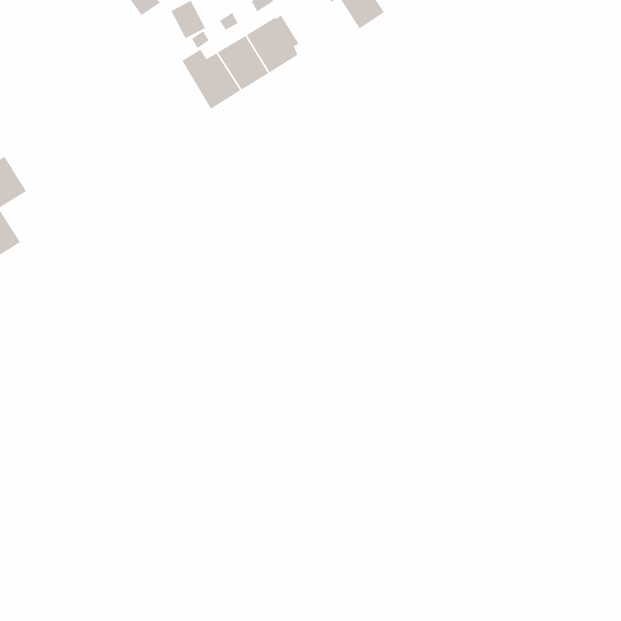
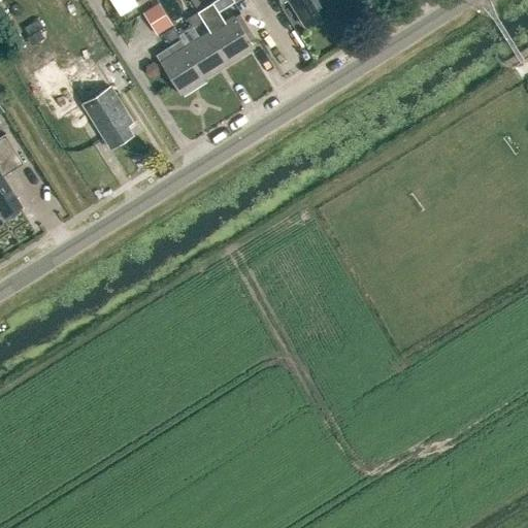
building: none -> [81,85,132,147]

